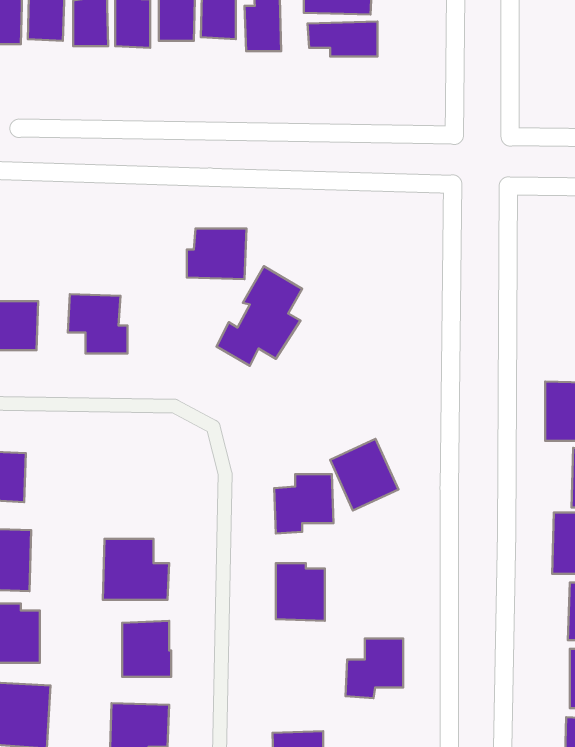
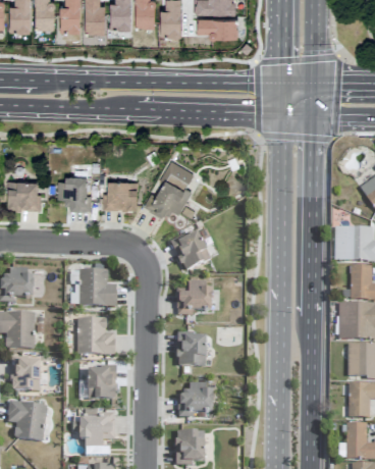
building: [187,229,246,279] -> [103,179,138,209]
building: [330,439,398,511] -> [172,229,212,271]
building: none -> [79,269,118,306]
building: [346,639,403,698] -> [178,382,212,417]

